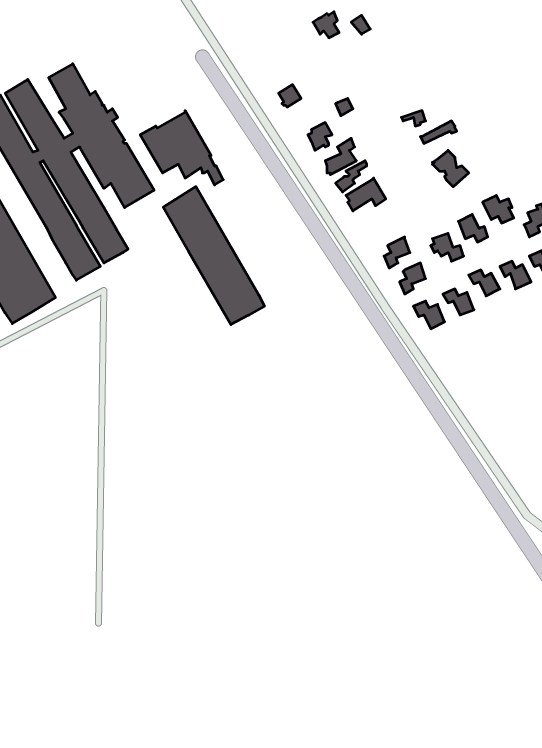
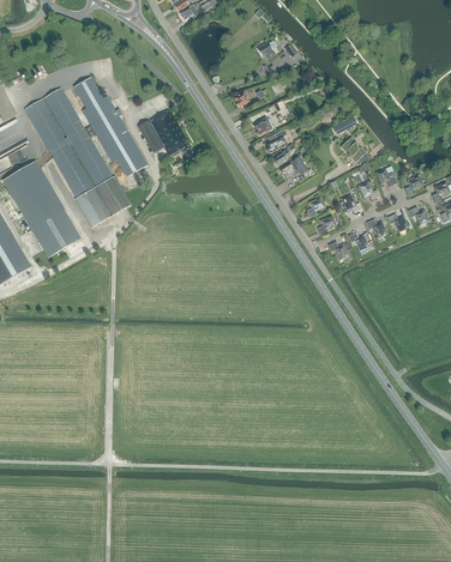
building: [163,187,264,325] -> none

